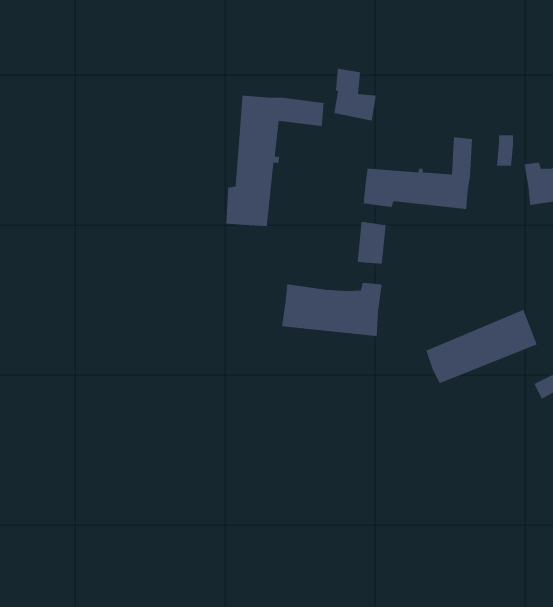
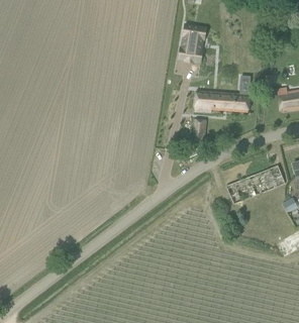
building: [226,95,324,227] -> none
building: [281,282,382,337] -> none

